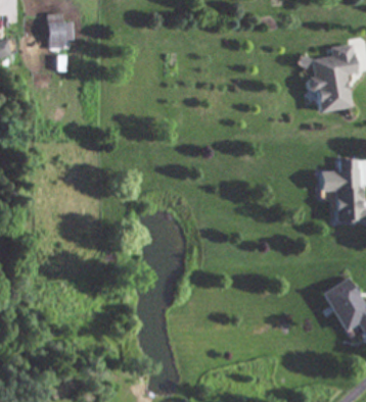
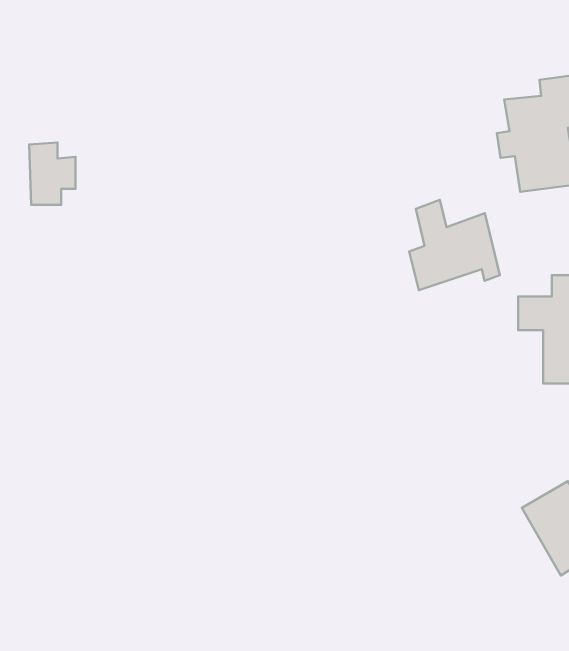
building: [47,14,74,50] -> [29,143,75,205]
building: none -> [409,200,500,290]

